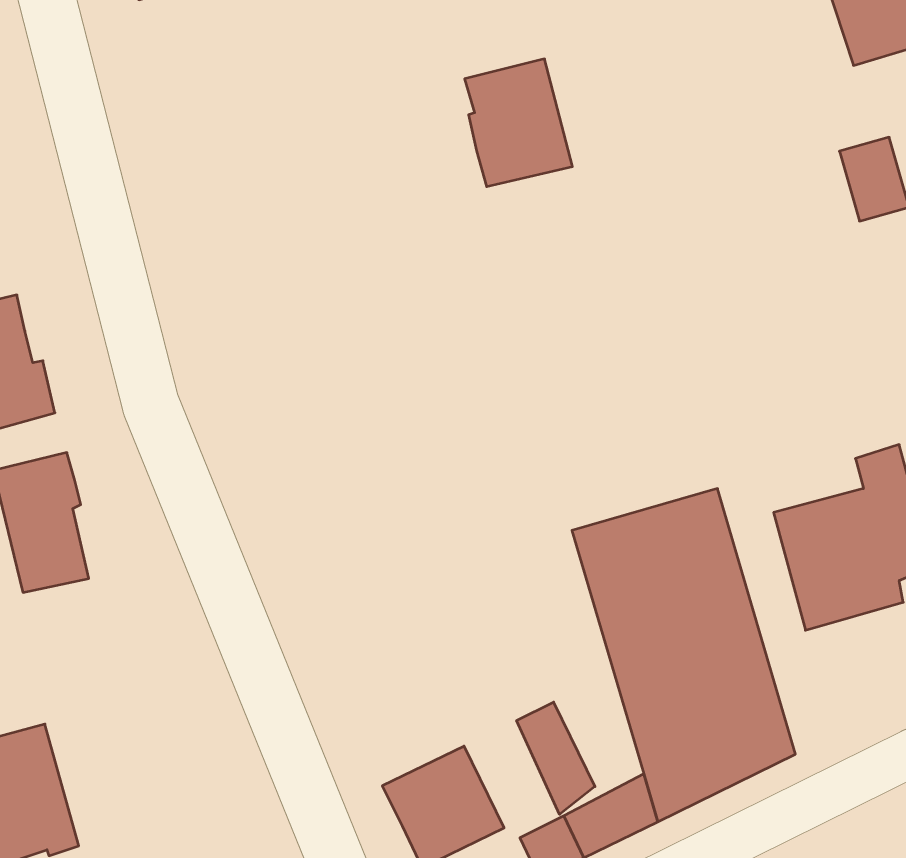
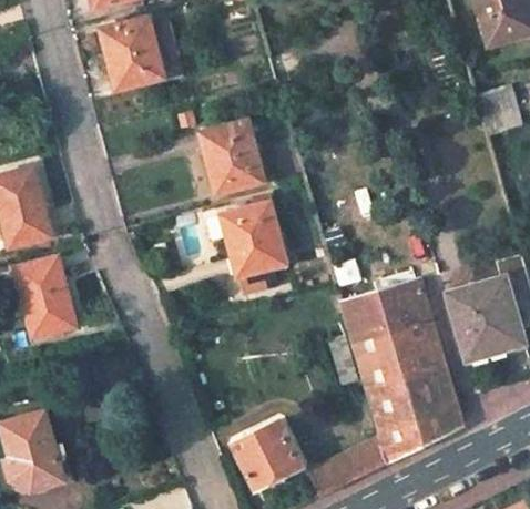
building: none -> [102,17,164,89]
building: [465,59,572,187] -> [203,121,263,192]
building: none -> [222,203,285,276]
building: [517,702,595,814] -> none

